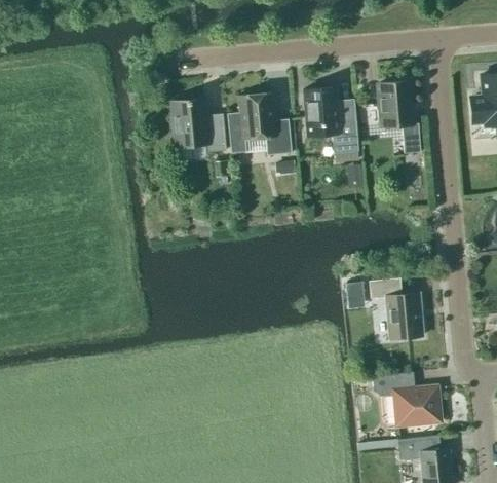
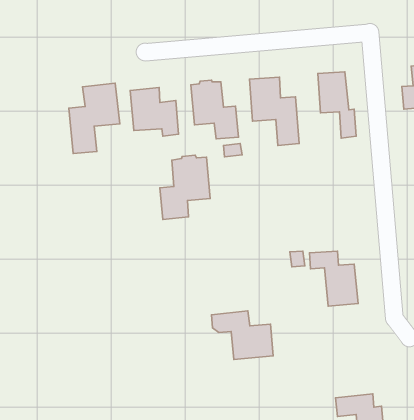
building: none -> [69,83,120,154]
building: none -> [160,155,210,220]
building: [373,373,441,426] -> [212,311,273,360]

